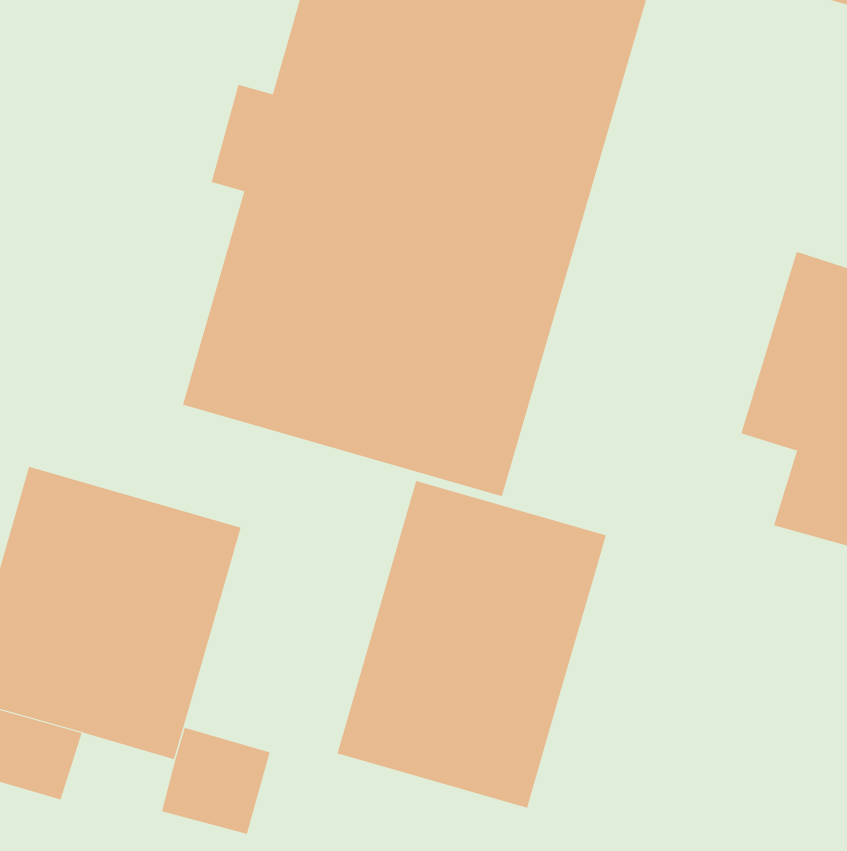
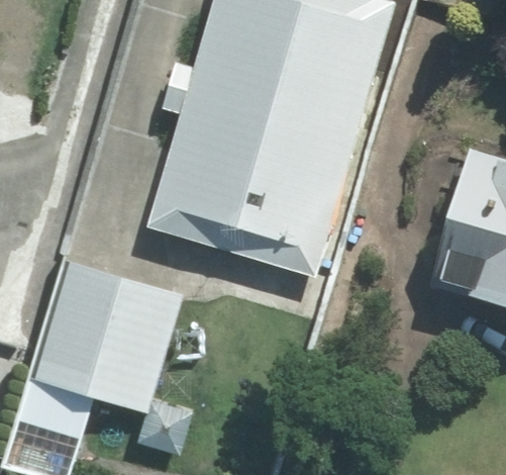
building: [337,480,606,808] -> none

